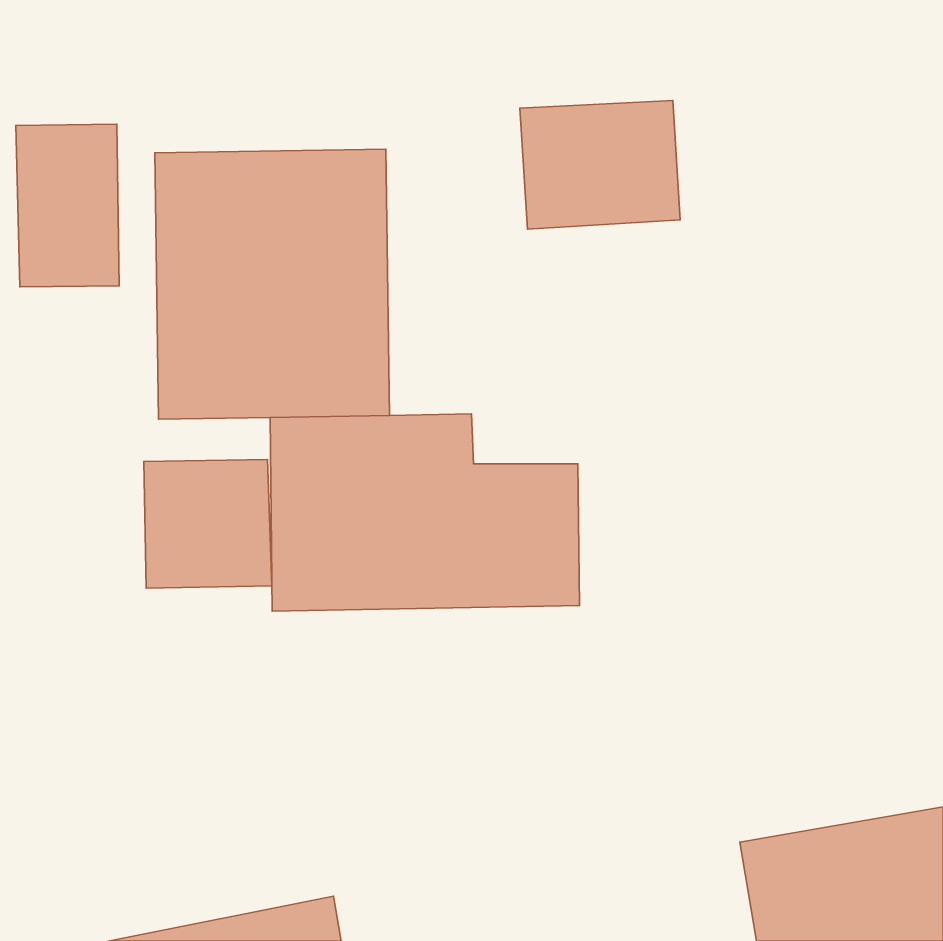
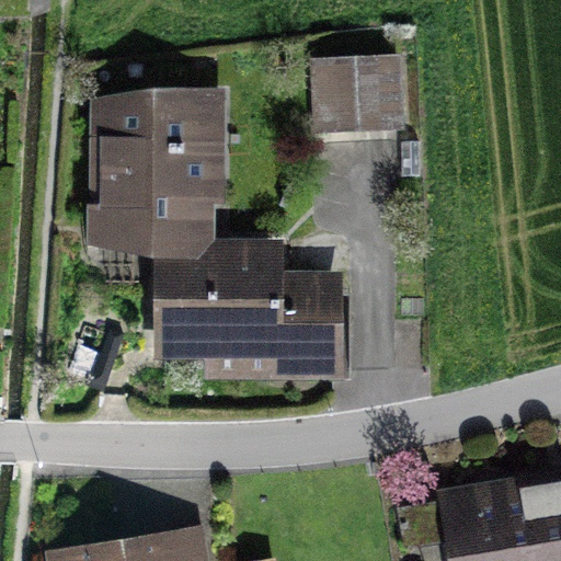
building: [16,124,119,287] -> none
building: [144,459,272,588] -> none

